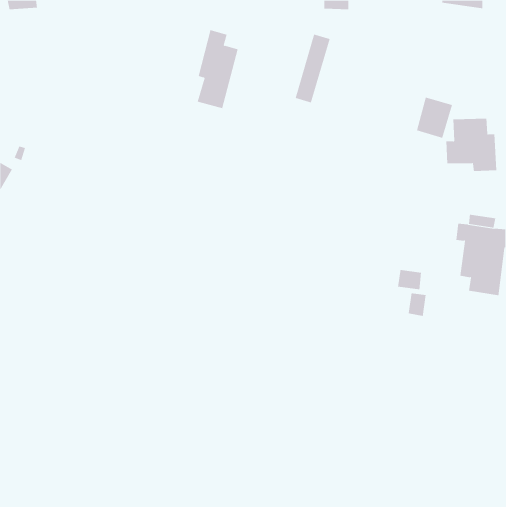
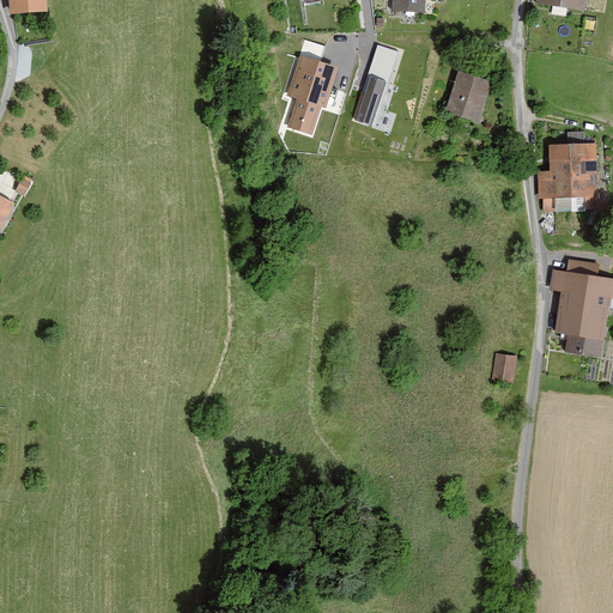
building: [197,29,239,109] -> [286,38,336,134]
building: [416,97,453,139] -> [445,72,490,122]
building: [398,269,422,290] -> none

